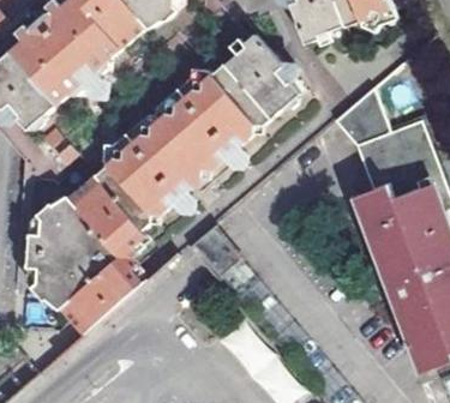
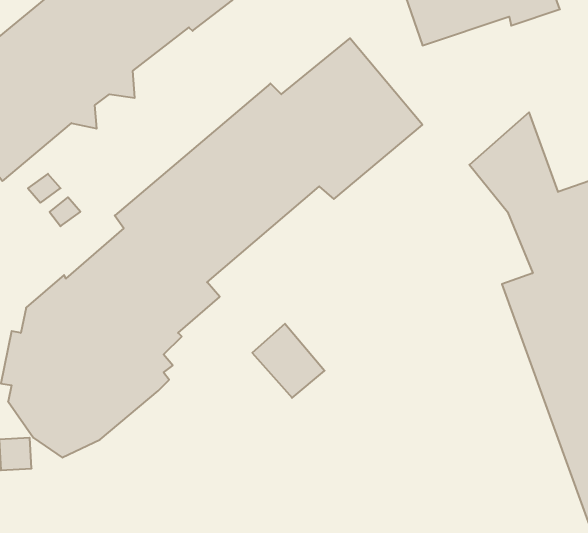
building: [62,270,139,336] -> none

